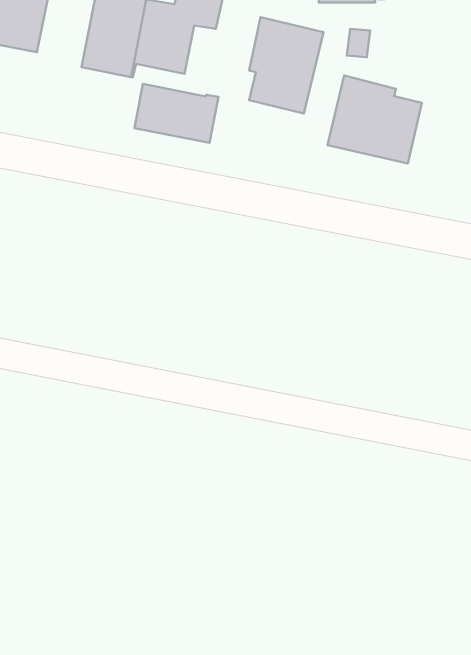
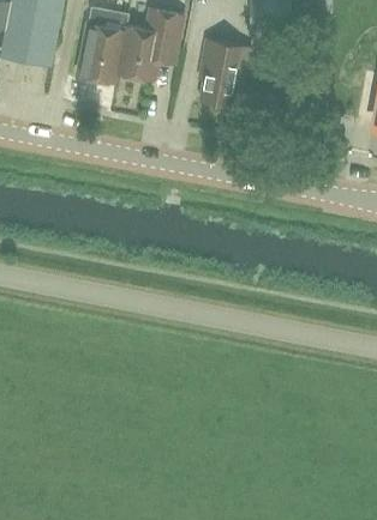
building: [328,75,422,164] -> none
building: [135,84,218,143] -> none

